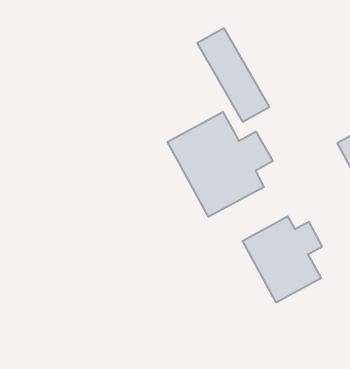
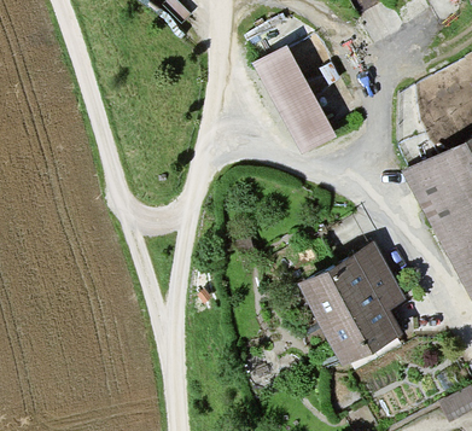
building: [168,112,273,217] -> none

